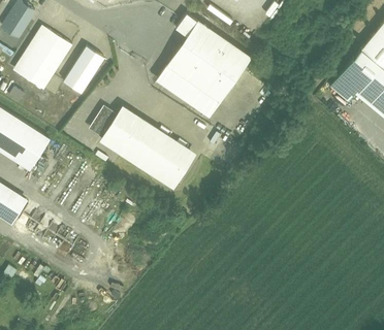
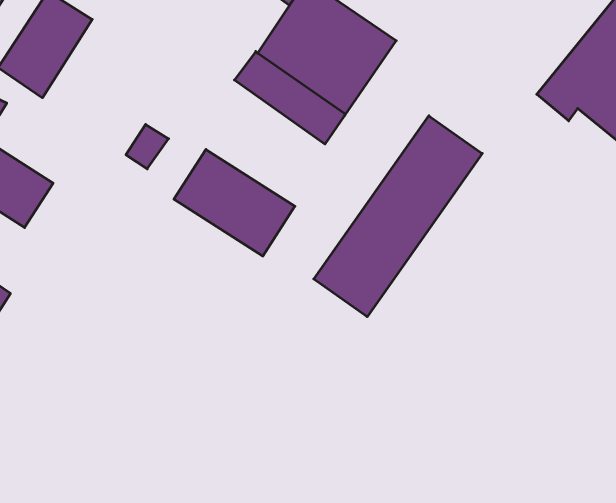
building: [63,47,103,94] -> none
building: none -> [314,116,482,317]
building: [101,108,138,150] -> none

